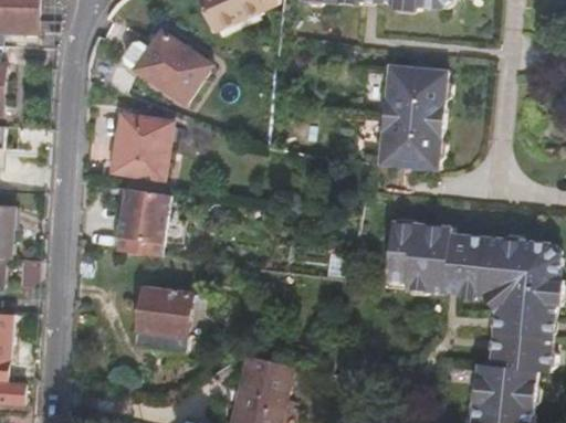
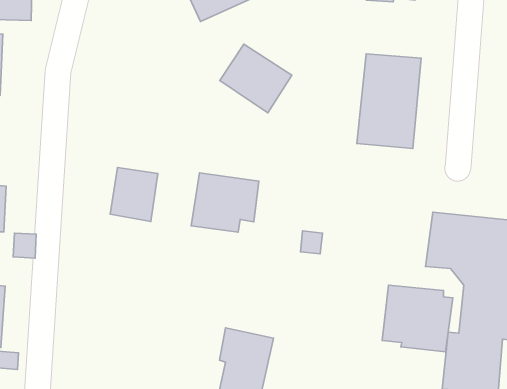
building: [135,30,211,103] -> [220,44,292,113]
building: [115,117,170,179] -> none
building: [386,221,461,292] -> [382,285,453,352]
building: [138,290,210,353] -> [191,173,259,232]

